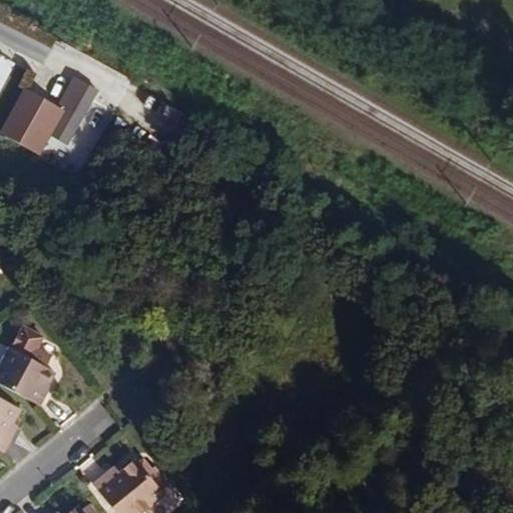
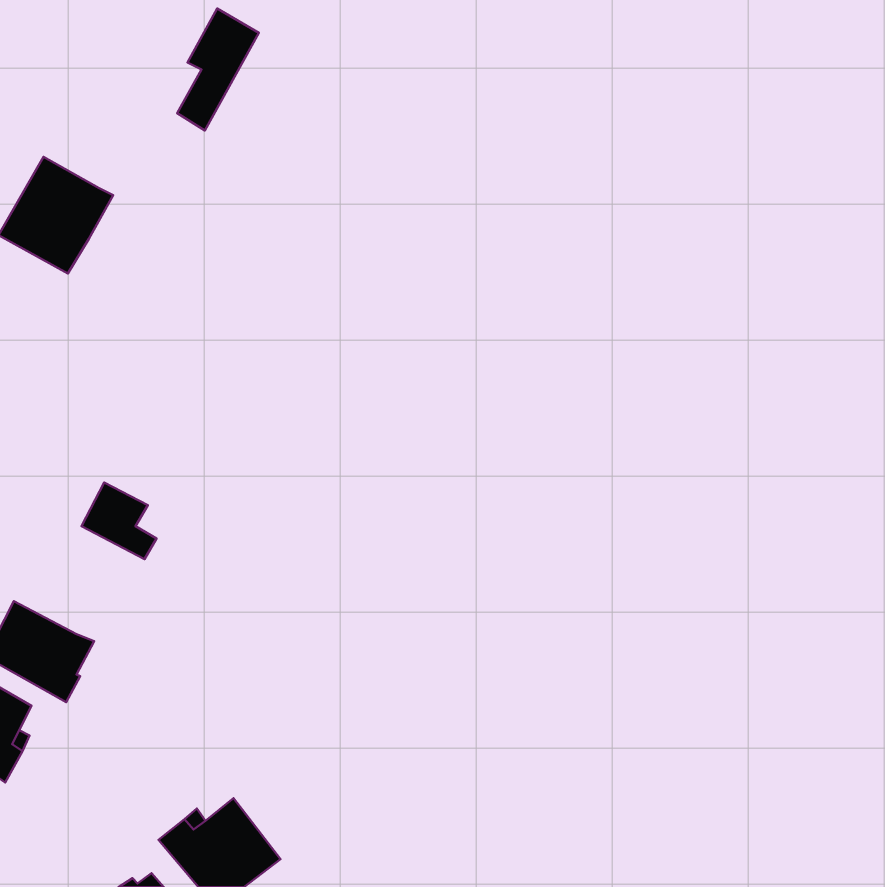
building: [51,77,98,147] -> [177,9,259,130]
building: [8,321,51,365] -> [82,483,157,559]

